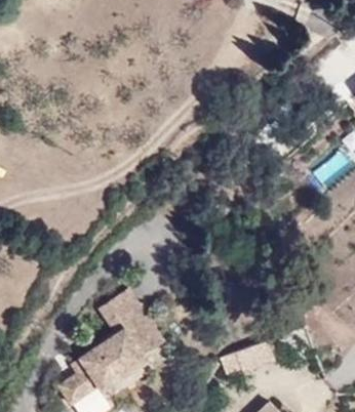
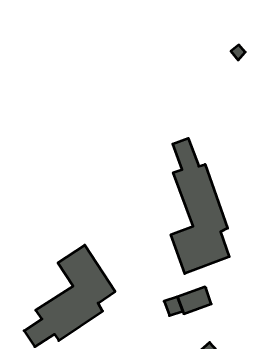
building: none -> [171,138,229,274]

